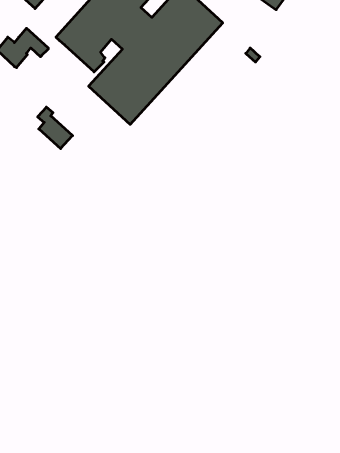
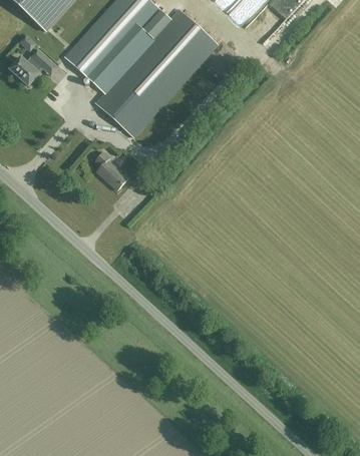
building: [38,107,73,149] -> [95,151,127,189]

